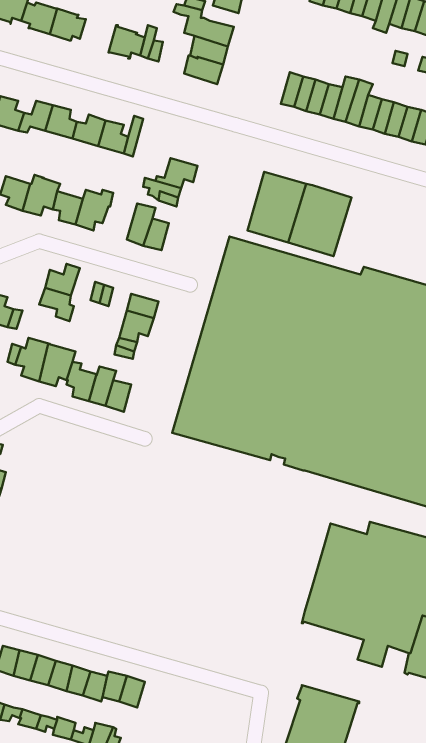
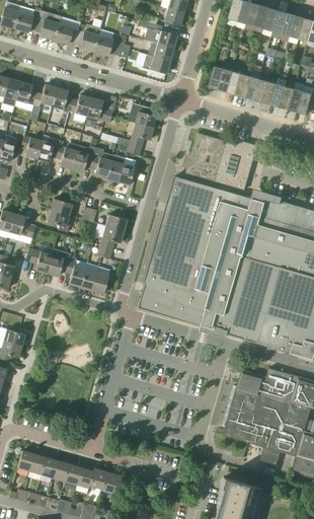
building: none -> [74,23,100,53]
building: none -> [128,103,156,129]
building: none -> [89,147,112,178]

